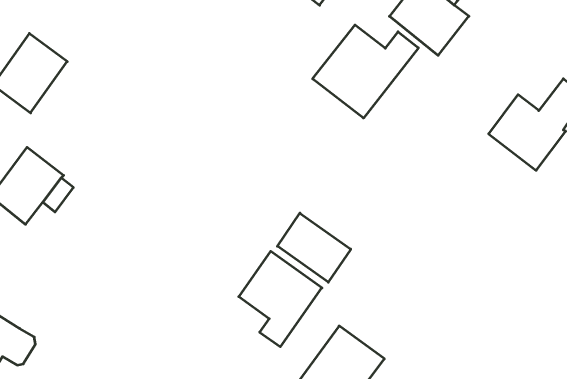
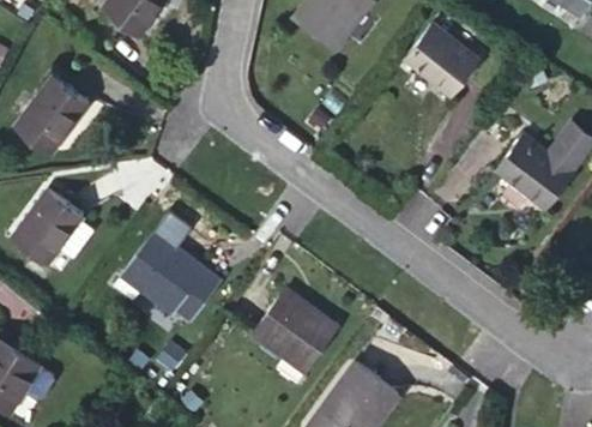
building: [313,25,418,118] -> none
building: none -> [121,230,217,315]
building: [277,213,351,282] -> none

